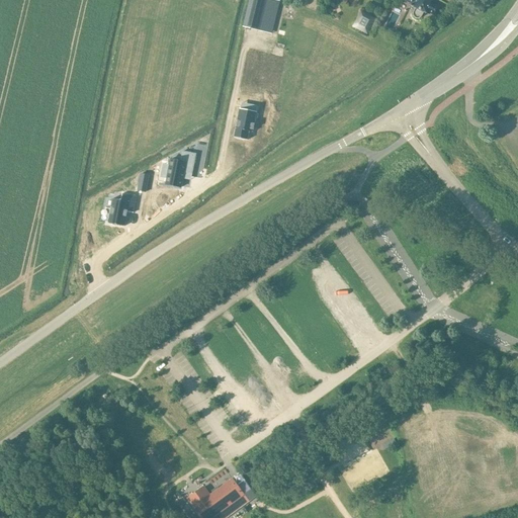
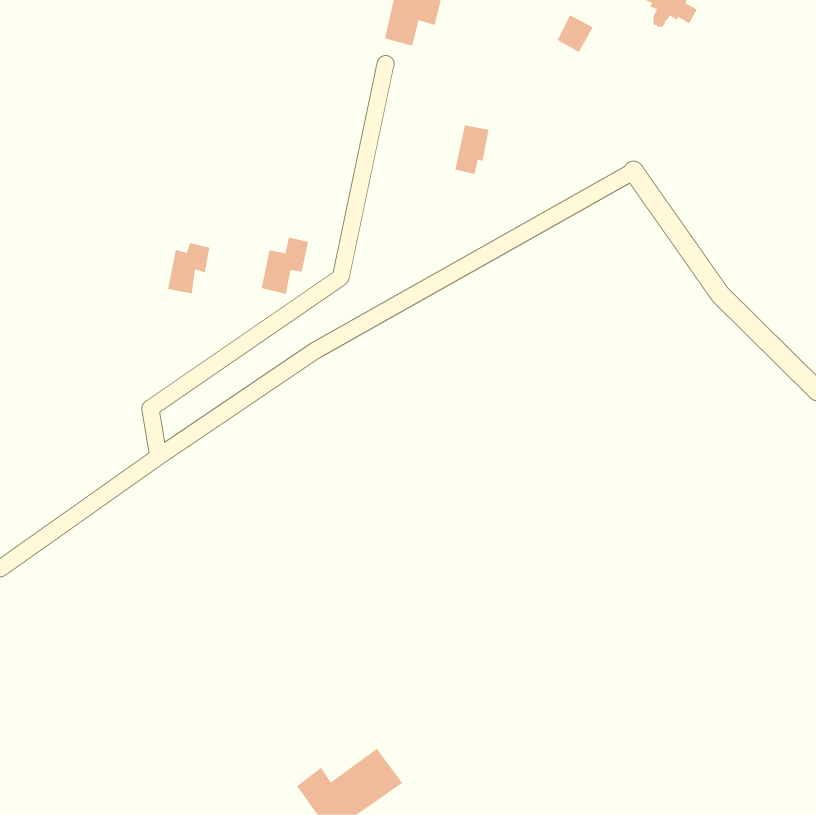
building: [235,107,257,139] -> [454,125,490,174]
building: [109,192,137,225] -> [167,243,210,294]

